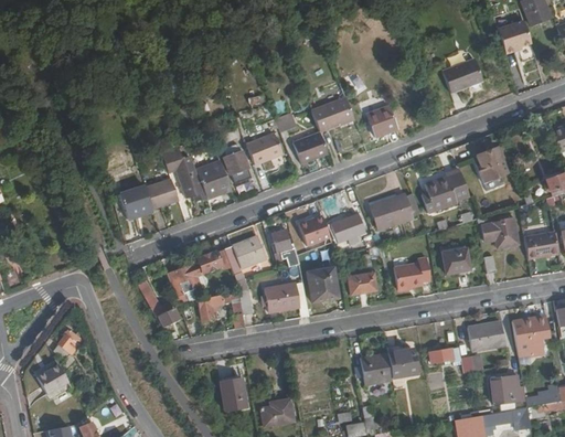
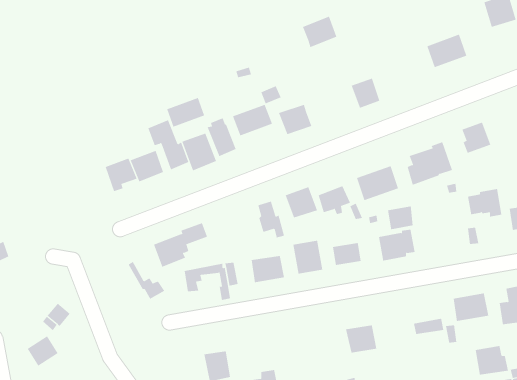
building: [313,107,349,139] -> [302,16,337,48]
building: none -> [166,97,205,128]
building: [224,236,265,281] -> none
building: [441,248,468,273] -> [387,206,414,230]
building: [387,349,416,377] -> none

